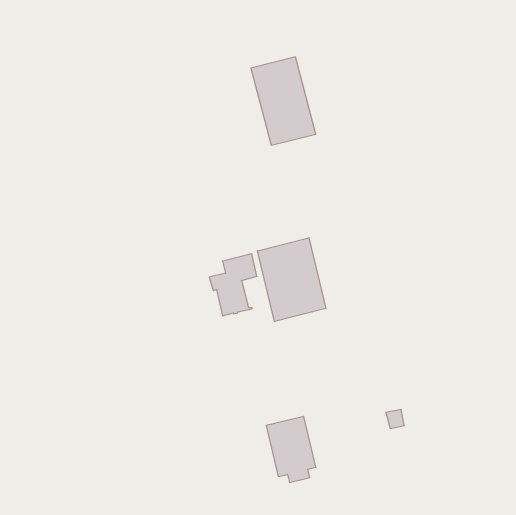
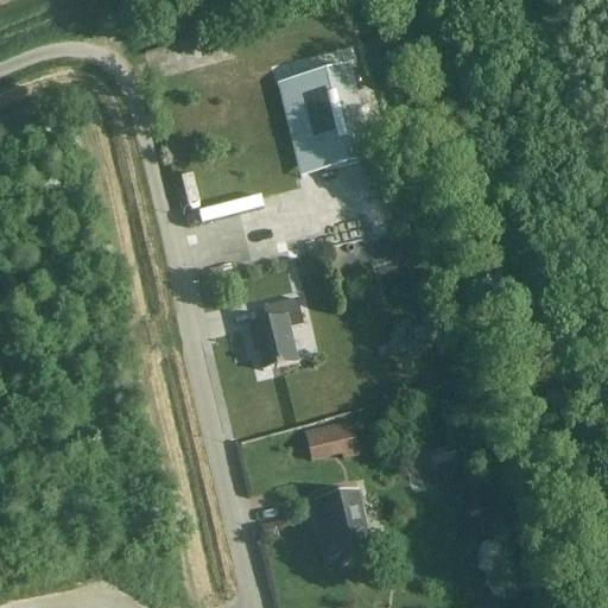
building: [257,238,326,322] -> none
building: none -> [300,418,355,456]

